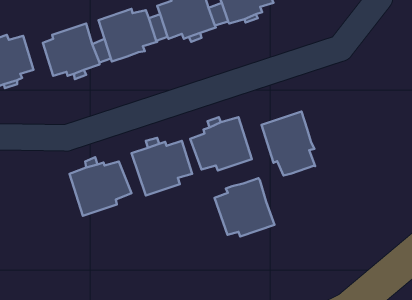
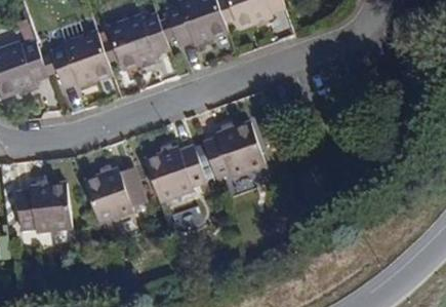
building: [261,111,315,176] -> none
building: none -> [18,180,72,228]
building: [214,178,275,236] -> none

